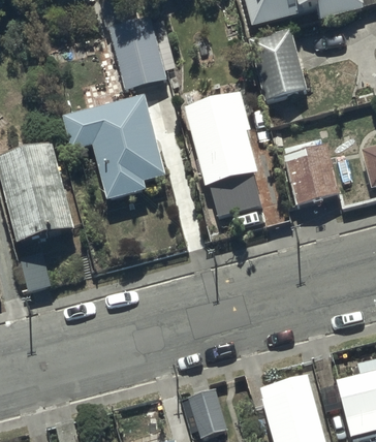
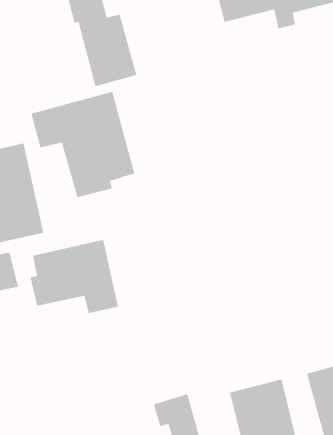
building: [248,27,307,100] -> none
building: [184,91,260,202] -> none
building: [283,143,340,204] -> none
building: none -> [30,239,119,314]

